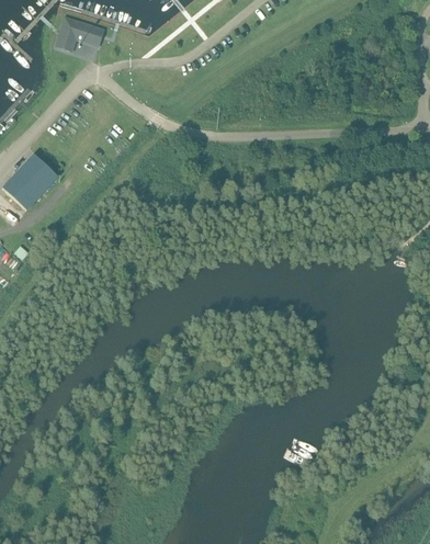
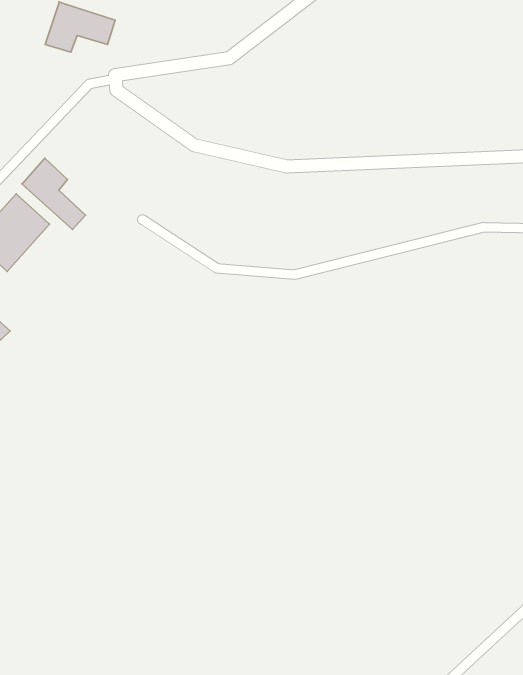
building: none -> [22,158,86,229]

